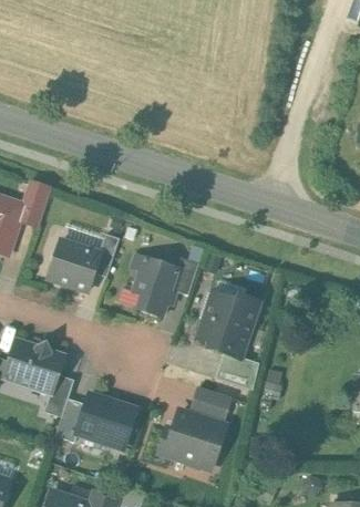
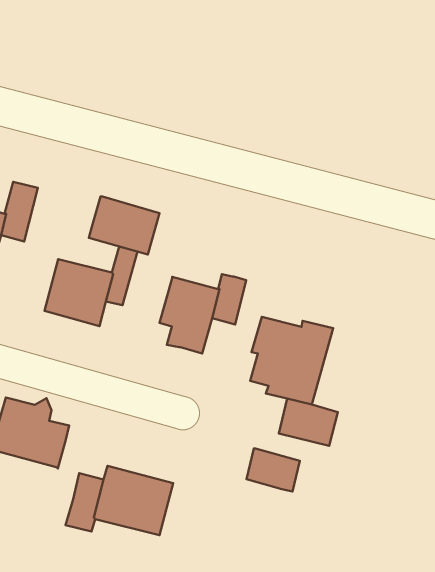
building: none -> [89,196,159,254]
building: [43,374,73,417] -> none
building: [160,412,223,467] -> none

